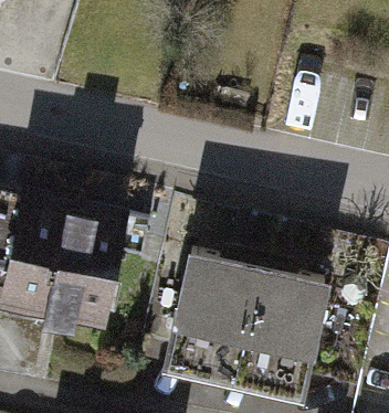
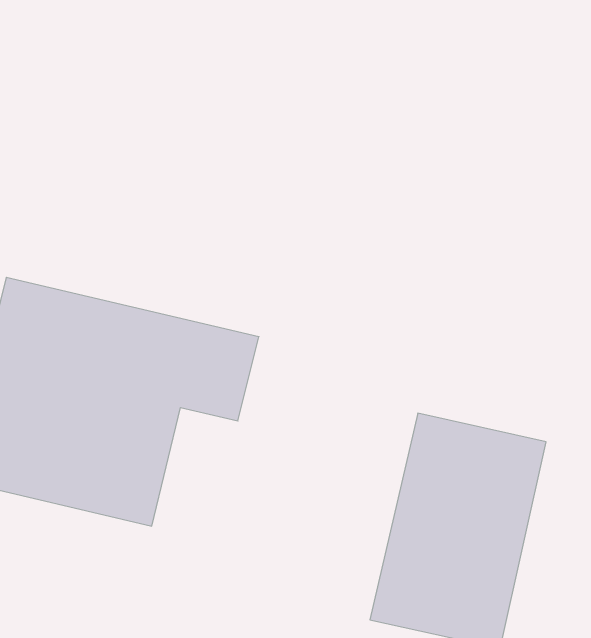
building: [160,251,261,386] -> none

